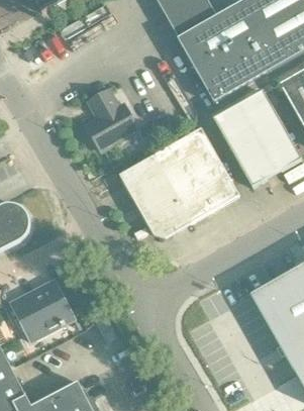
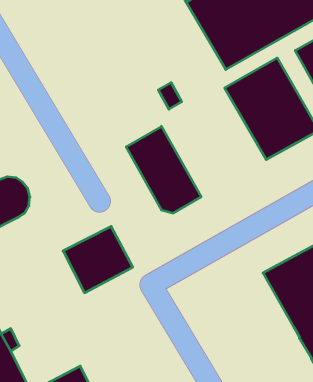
building: [86,87,138,149] -> none
building: [154,127,238,220] -> none
building: [8,278,74,340] -> [63,226,133,293]

